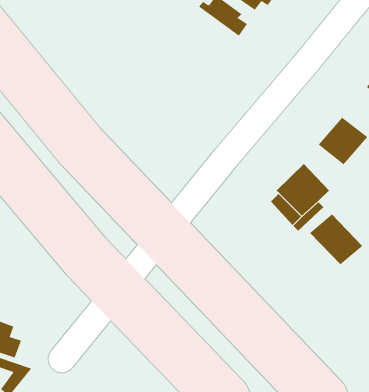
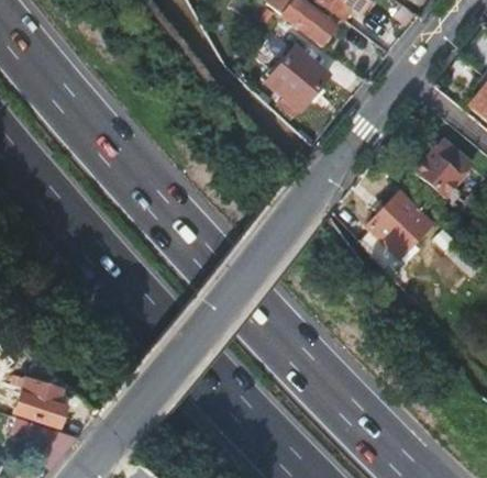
building: none -> [265,45,330,109]
building: [309,214,363,265] -> none

